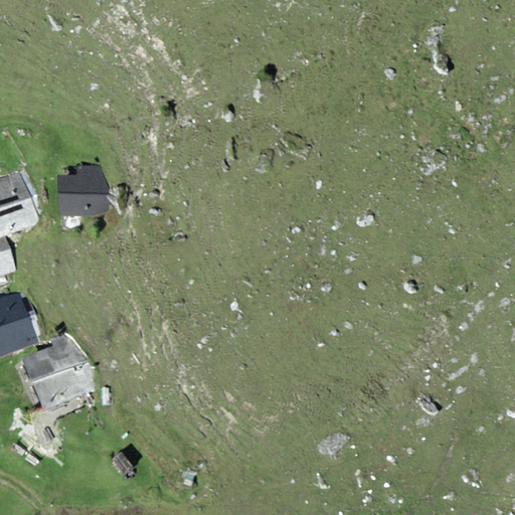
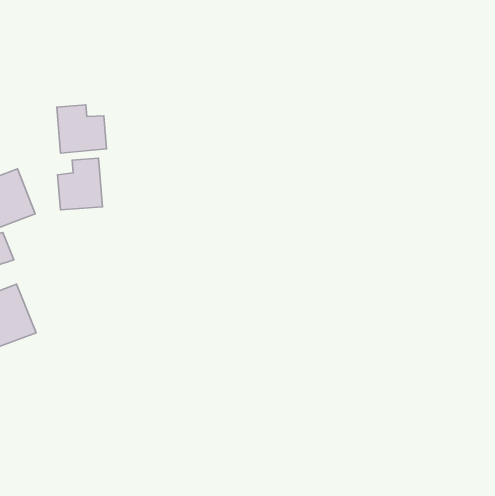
building: none -> [57,105,106,153]
building: [24,339,96,407] -> none

